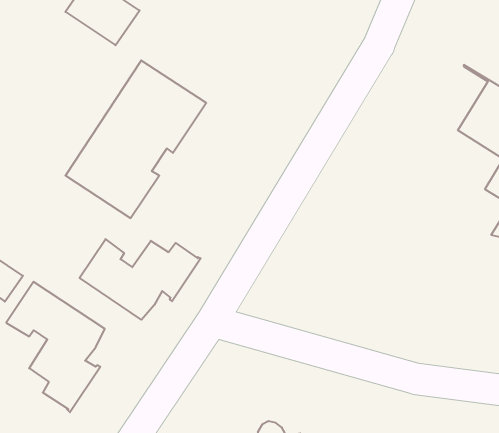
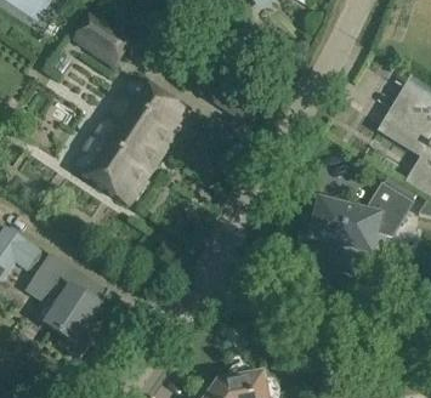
building: none -> [295,183,410,266]
building: [80,239,201,320] -> none

